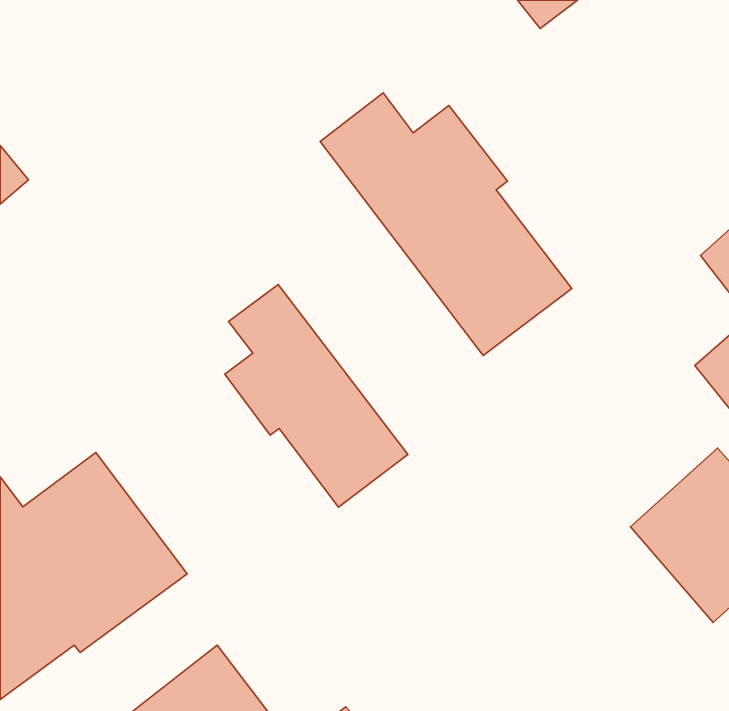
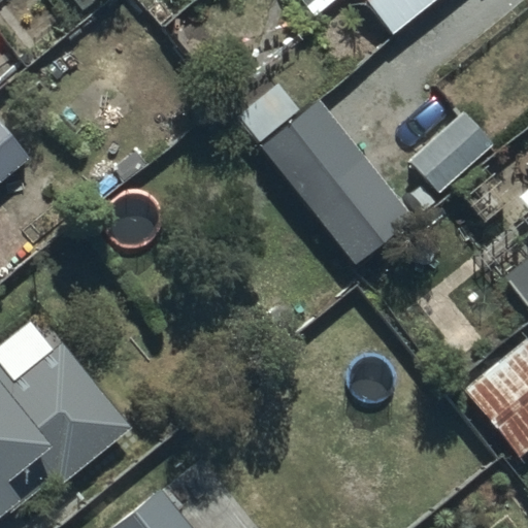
building: [225,284,408,507] -> none

